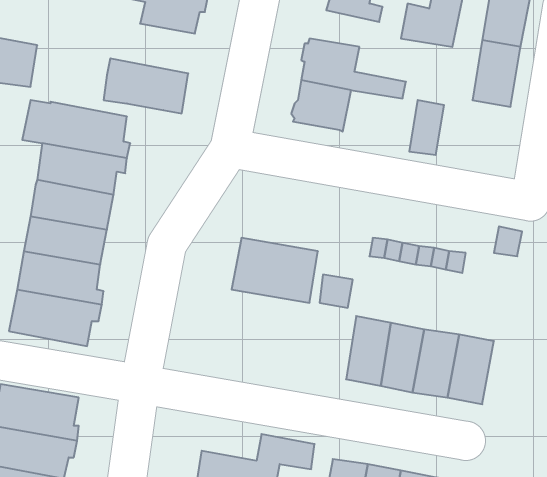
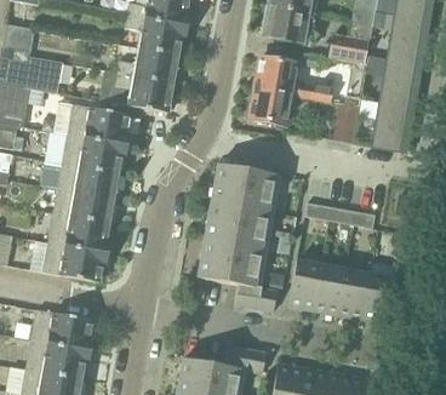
building: none -> [116,46,178,82]
building: none -> [372,102,408,151]
building: none -> [212,164,275,212]
building: none -> [199,240,278,310]

